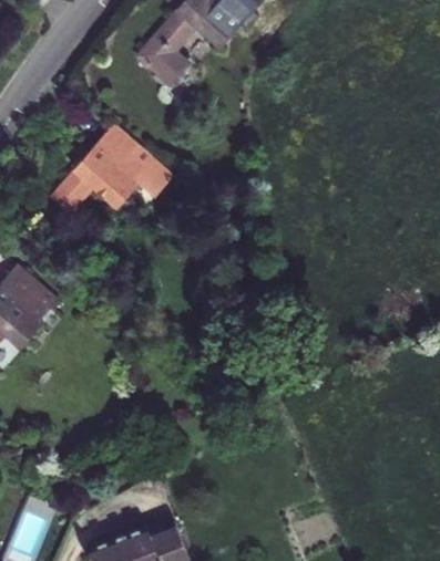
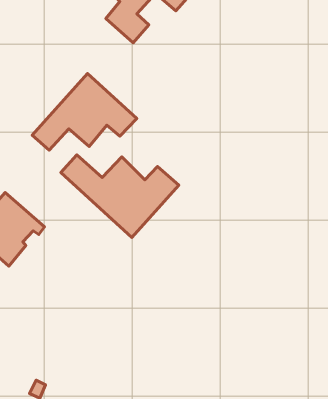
building: none -> [61,155,179,238]

